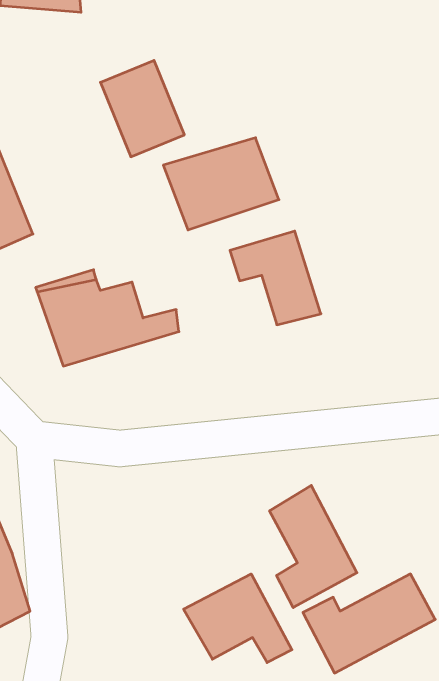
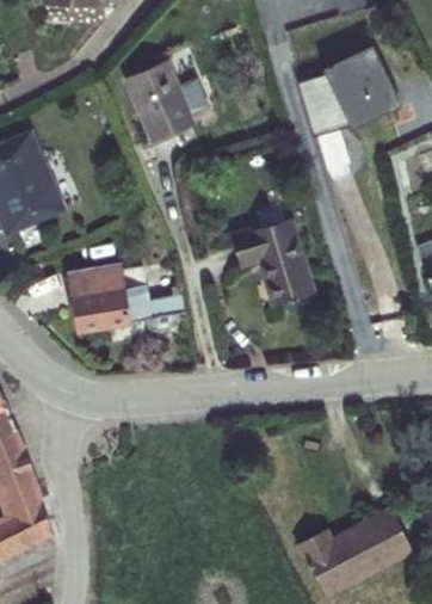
building: [163,138,279,230] -> [297,62,397,142]
building: [270,485,357,608] -> none
building: [184,574,292,663] -> none

